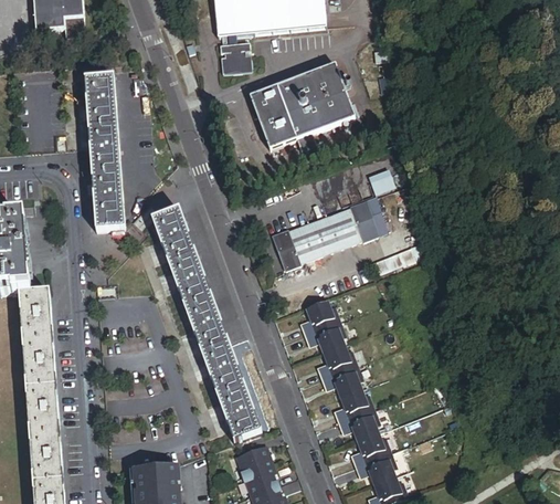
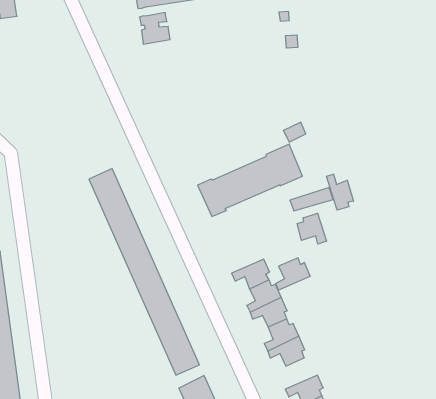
building: [250,66,353,154] -> none
building: [86,77,125,230] -> none
building: none -> [326,174,353,210]
building: none -> [297,213,327,244]
building: [300,300,339,334] -> [276,258,310,290]
building: [350,432,390,465] -> none

